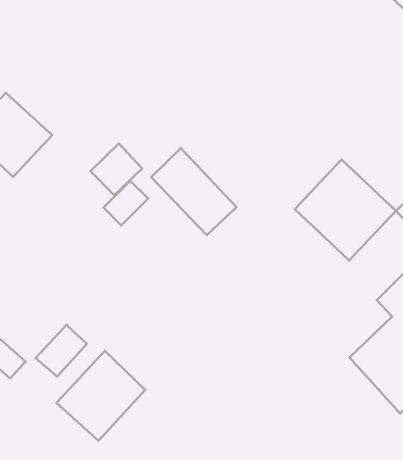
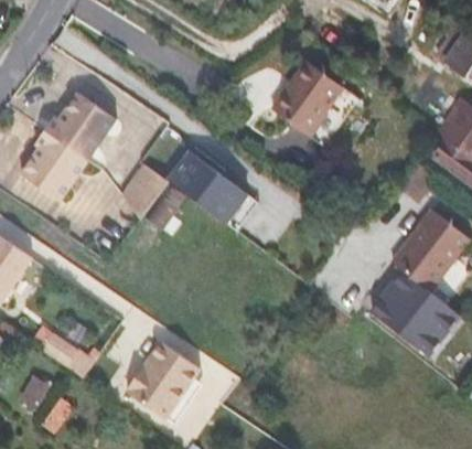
building: none -> [43,90,116,160]
building: [295,160,396,260] -> [270,60,357,146]
building: [35,325,87,377] -> none

